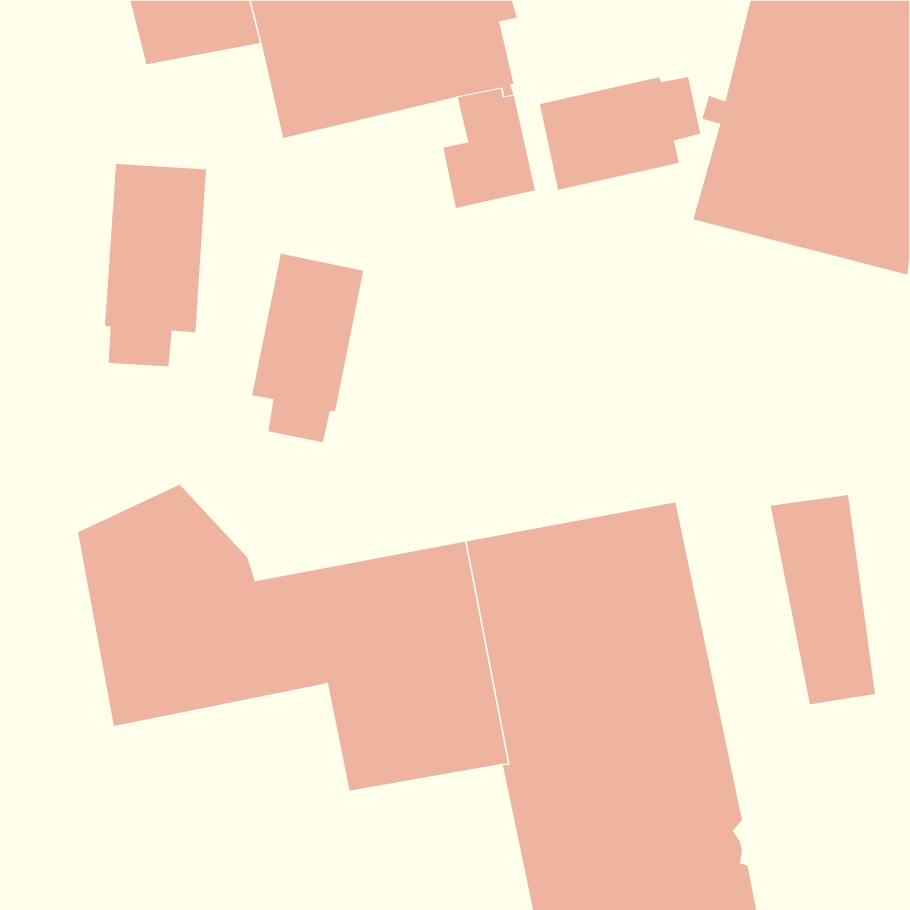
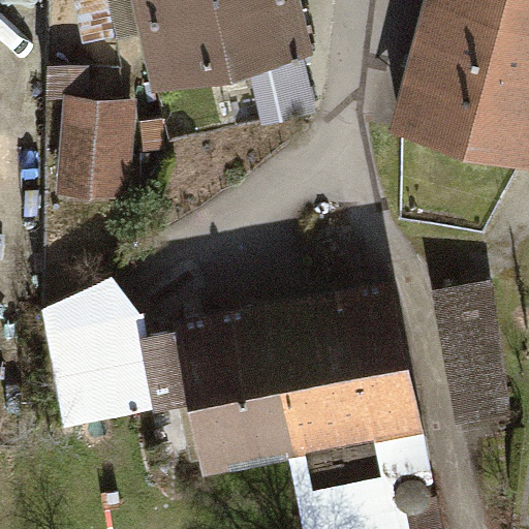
building: [539,76,701,190] -> none
building: [252,253,364,443] -> none

